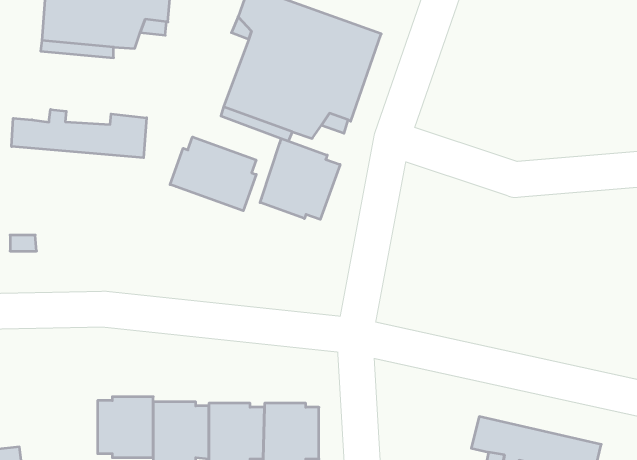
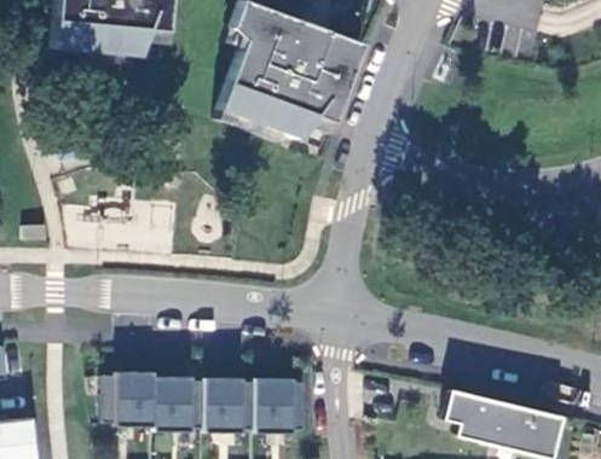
building: [12,109,147,158] -> none
building: [170,137,256,211] -> none
building: [260,139,340,219] -> none

